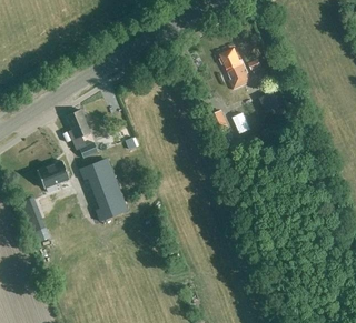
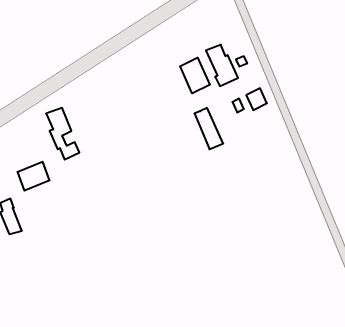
building: none -> [180,58,210,93]
building: [79,158,125,220] -> none

